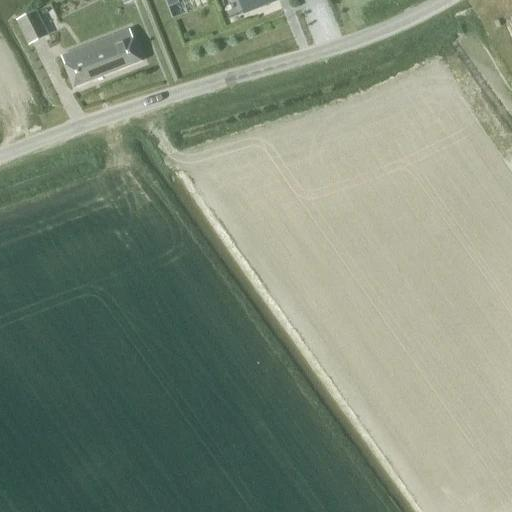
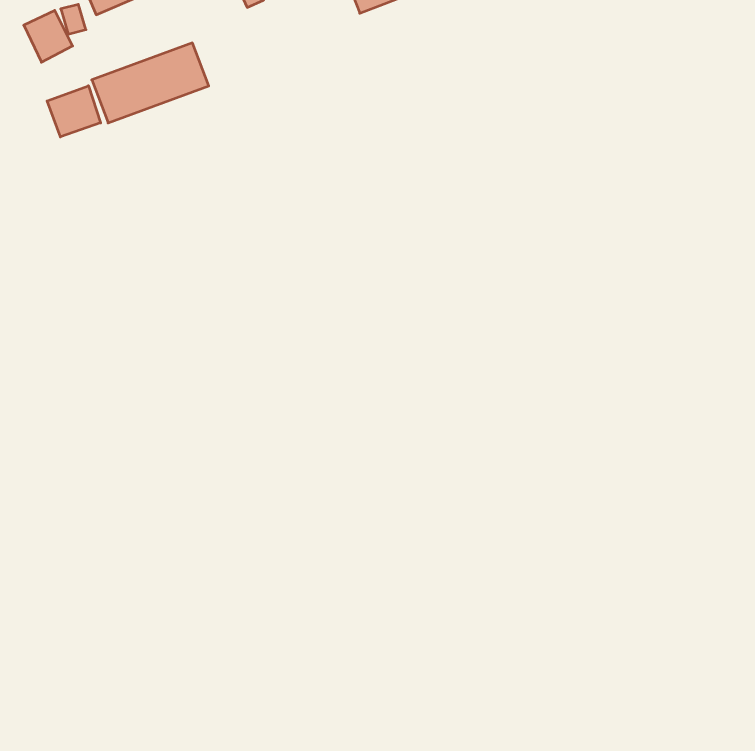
building: none -> [47,86,101,137]

